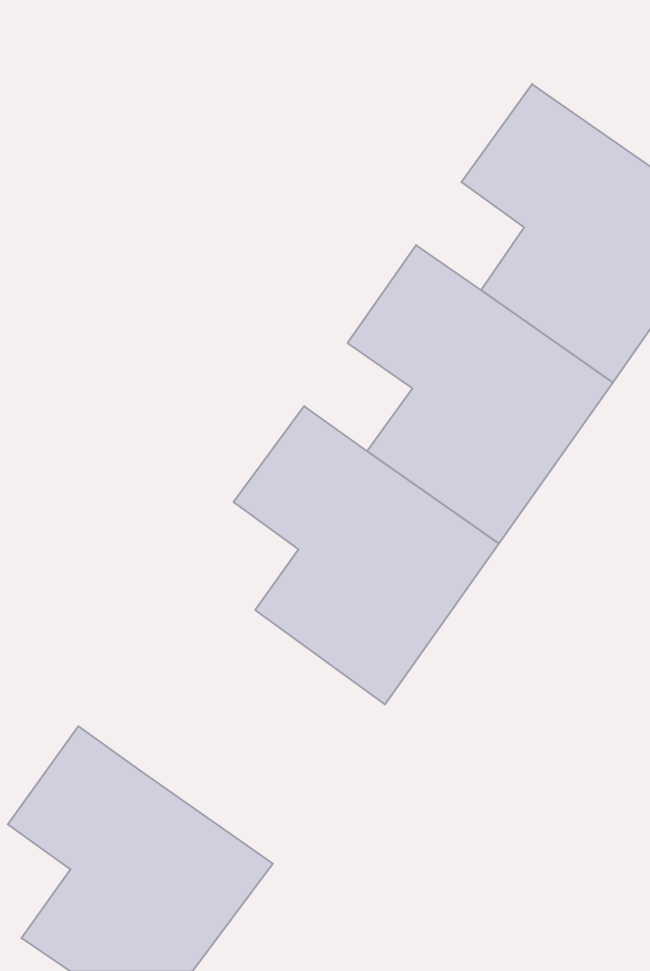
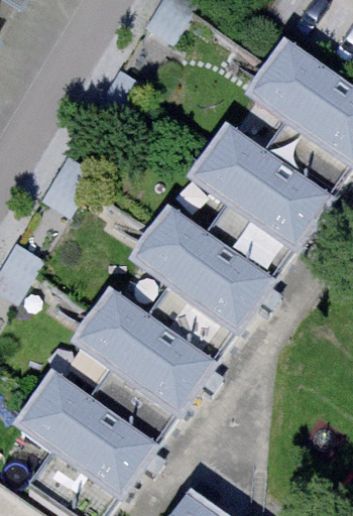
building: none -> [77,291,212,443]

